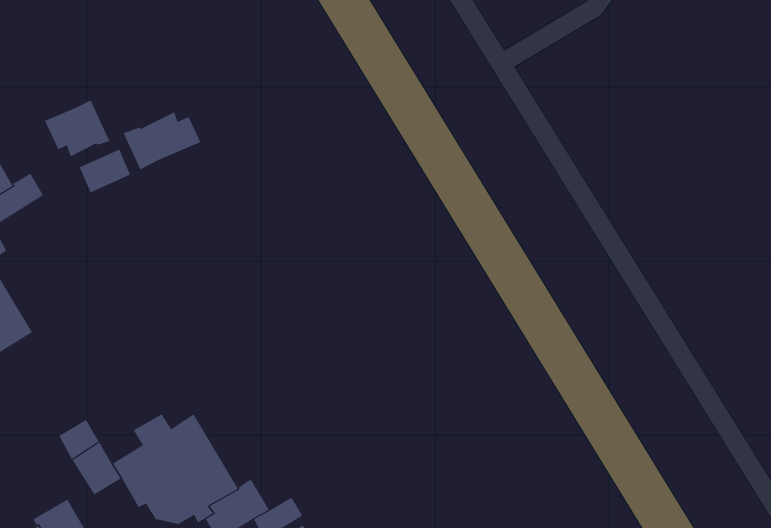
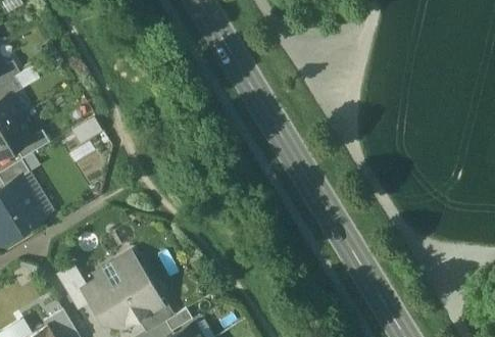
building: [44,99,110,157] -> none
building: [123,111,201,170] -> none

